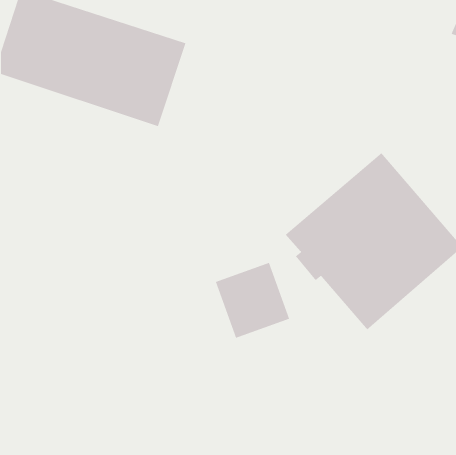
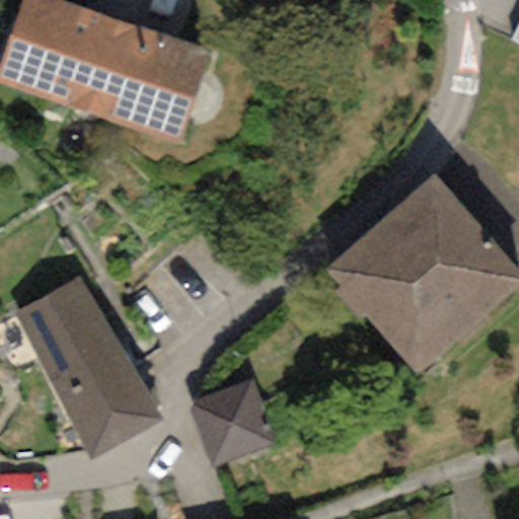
building: none -> [14,275,162,457]
building: [215,262,290,339] -> [190,377,275,464]

